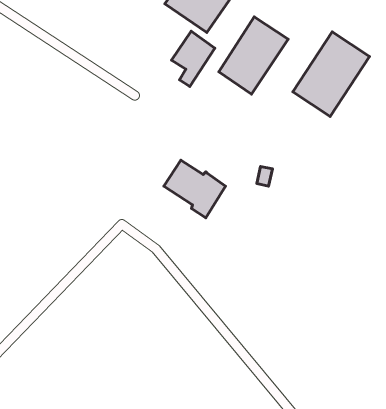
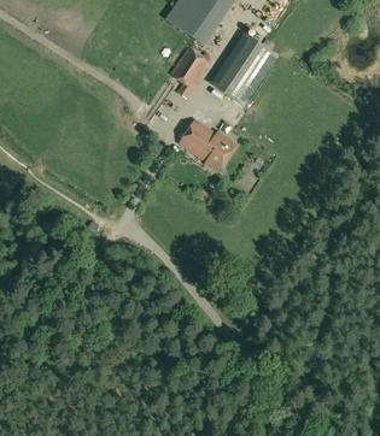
building: [293,32,370,117] -> none
building: [164,160,225,218] -> [179,118,235,171]

